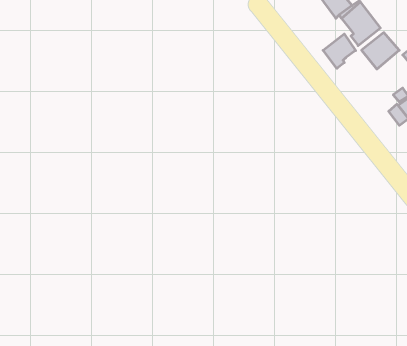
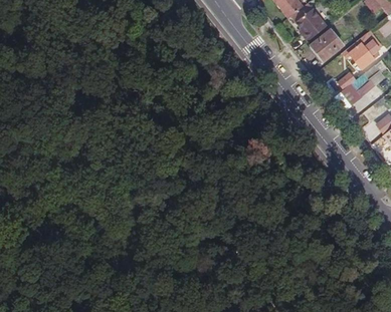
building: [323,34,356,68] -> none

